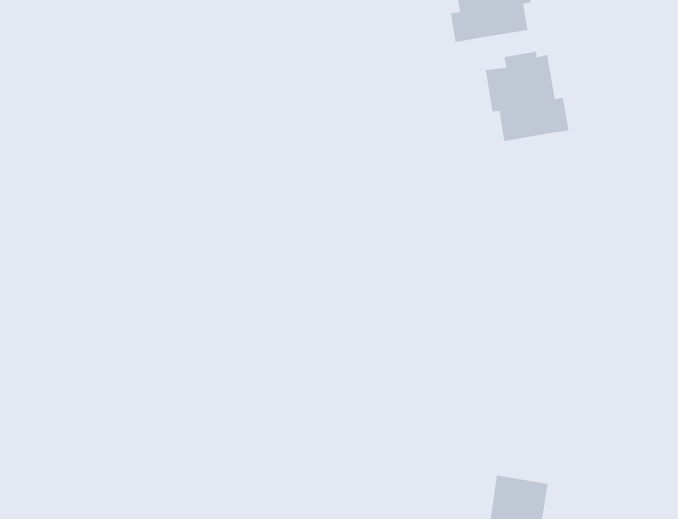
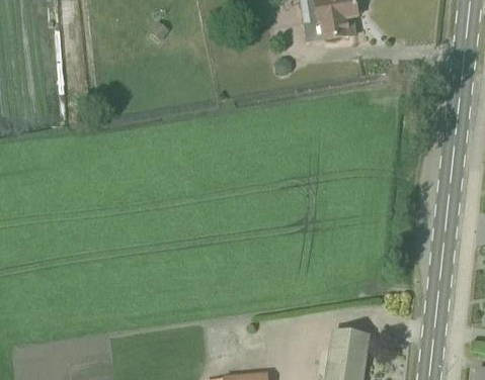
building: [485,51,569,142] -> none

